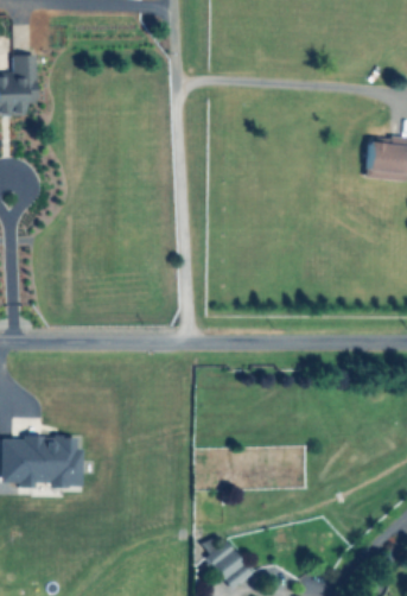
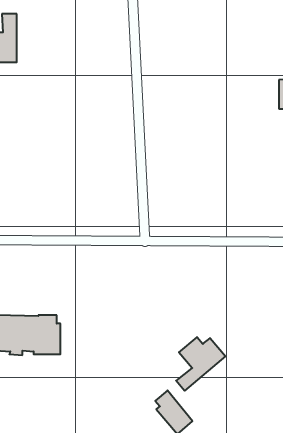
building: none -> [176,337,225,391]

